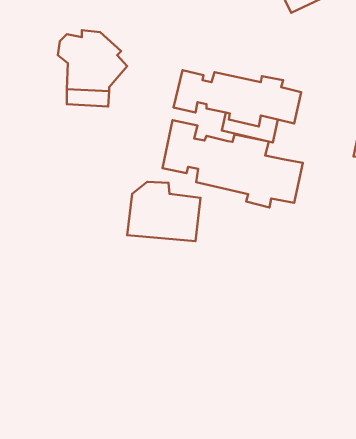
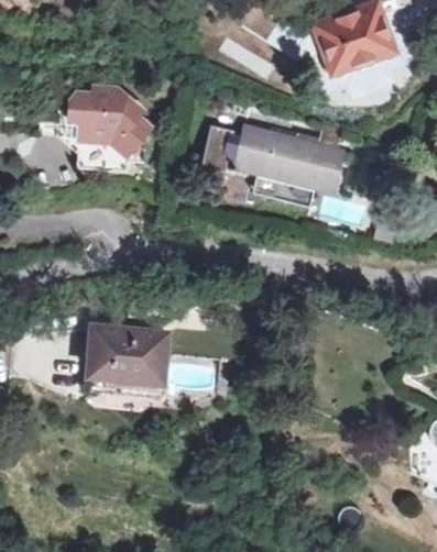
building: [163,120,303,208] -> none
building: [127,182,201,241] -> [87,321,167,386]

